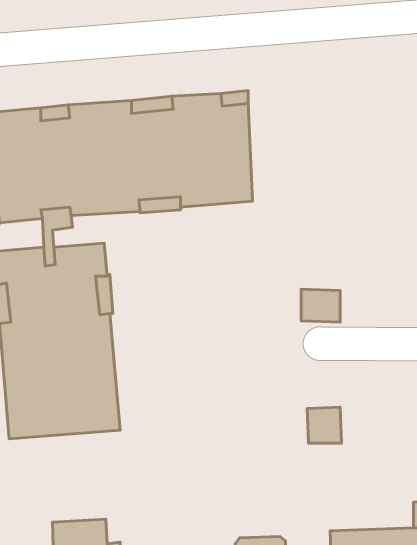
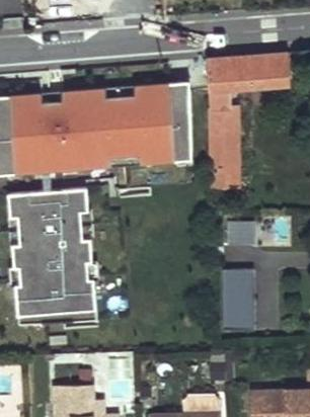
building: none -> [206,54,290,186]
building: none -> [230,268,254,305]

